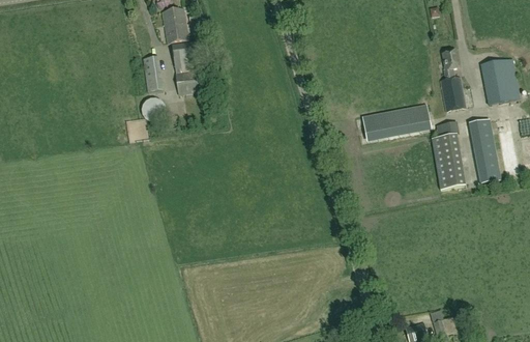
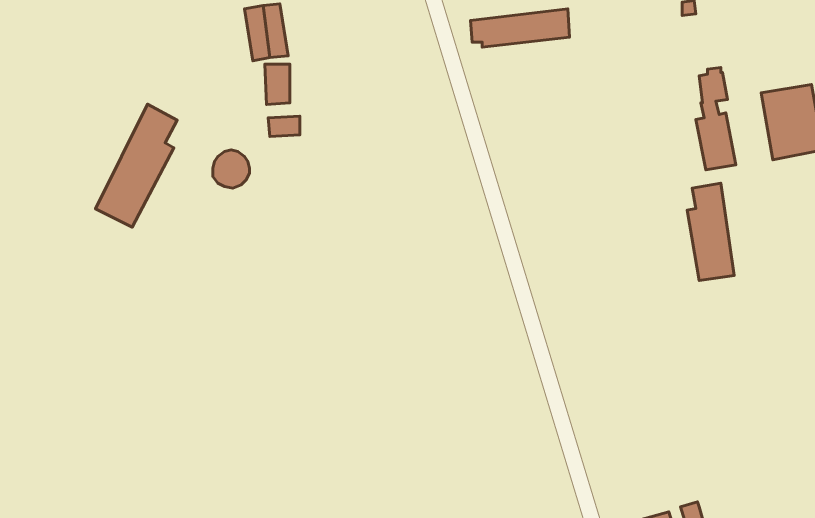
building: [146,55,161,89] -> none
building: none -> [95,104,177,227]
building: [370,109,431,133] -> [470,9,569,47]
building: [469,118,494,176] -> none

